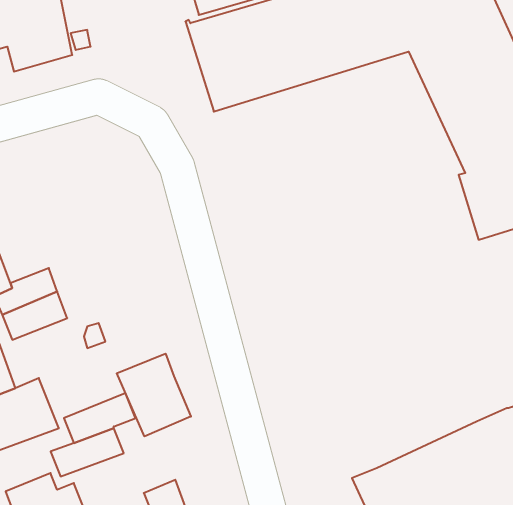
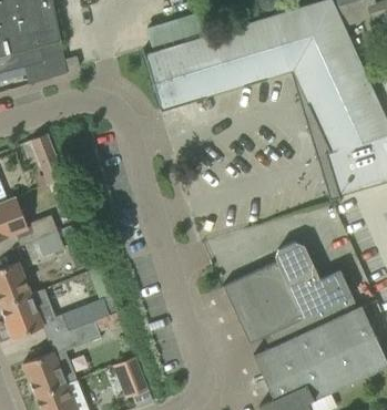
building: none -> [31,133,65,184]
building: none -> [223,242,353,348]
building: [117,354,191,436] -> none

